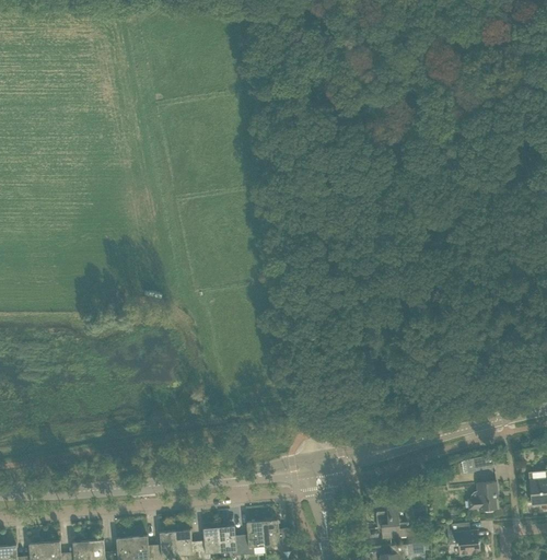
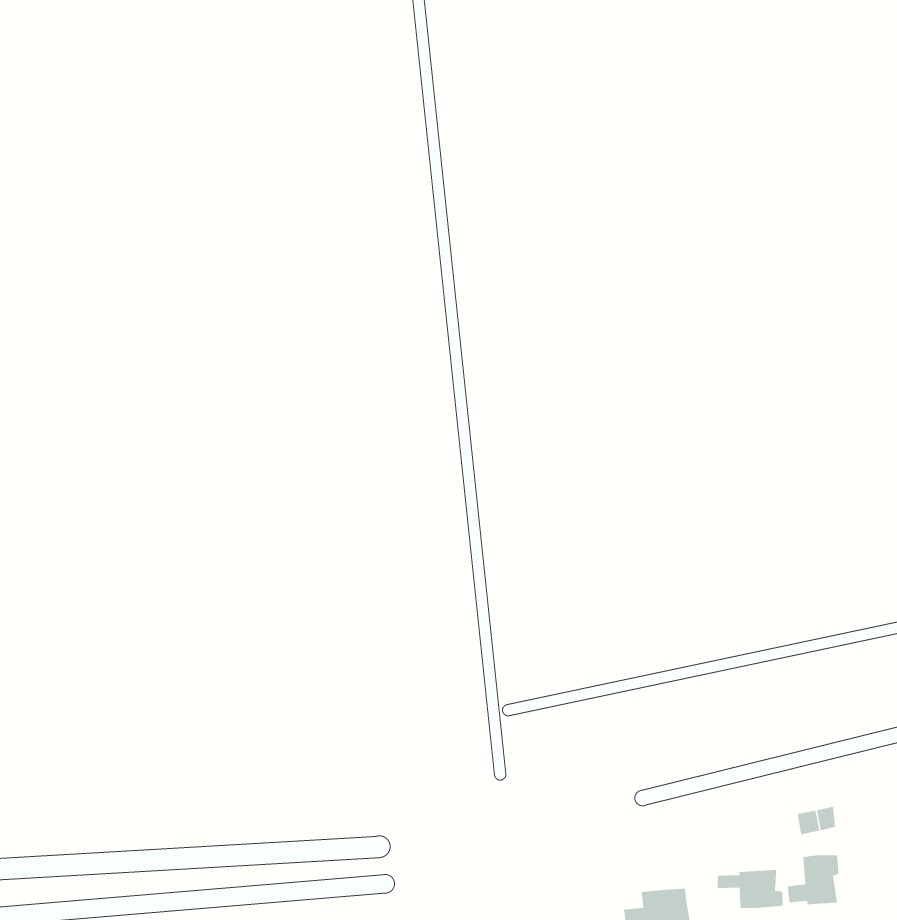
building: none -> [717,869,783,909]

